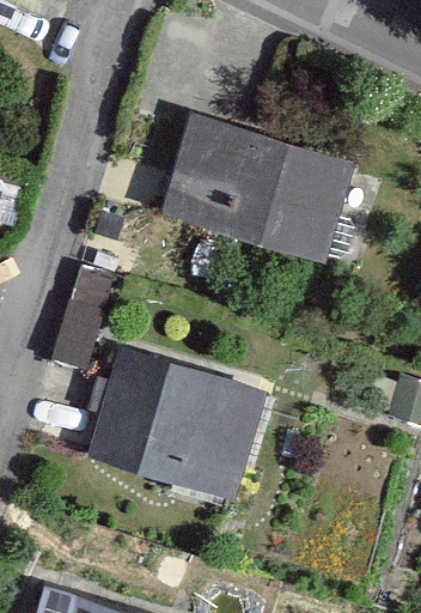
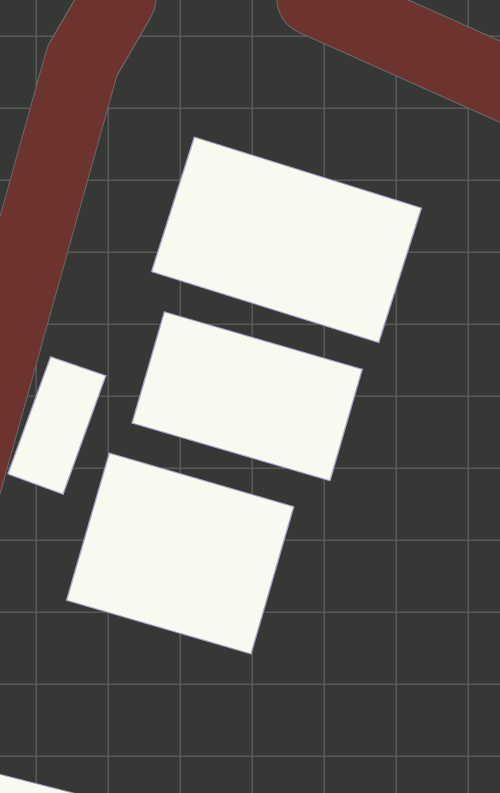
building: none -> [132,312,362,481]

